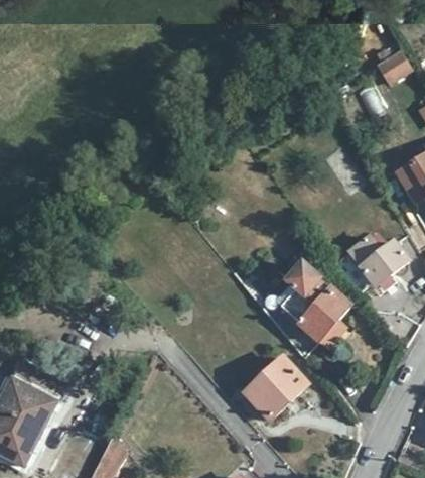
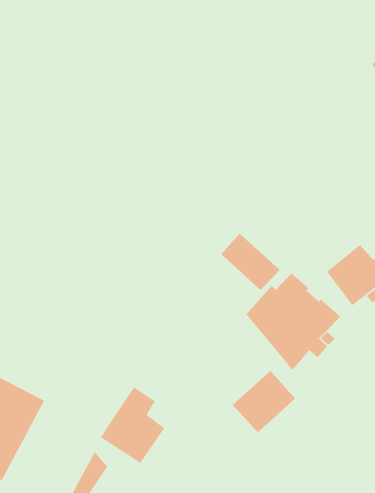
building: none -> [220,233,280,291]
building: none -> [100,387,165,464]

